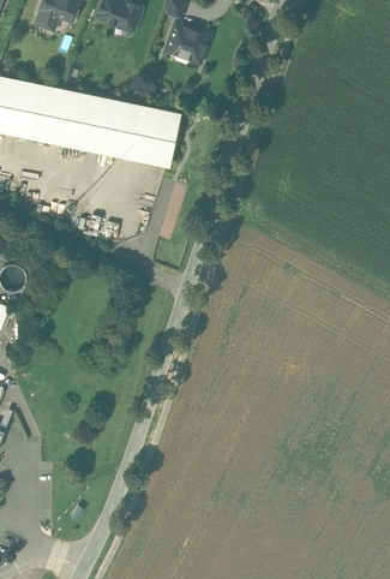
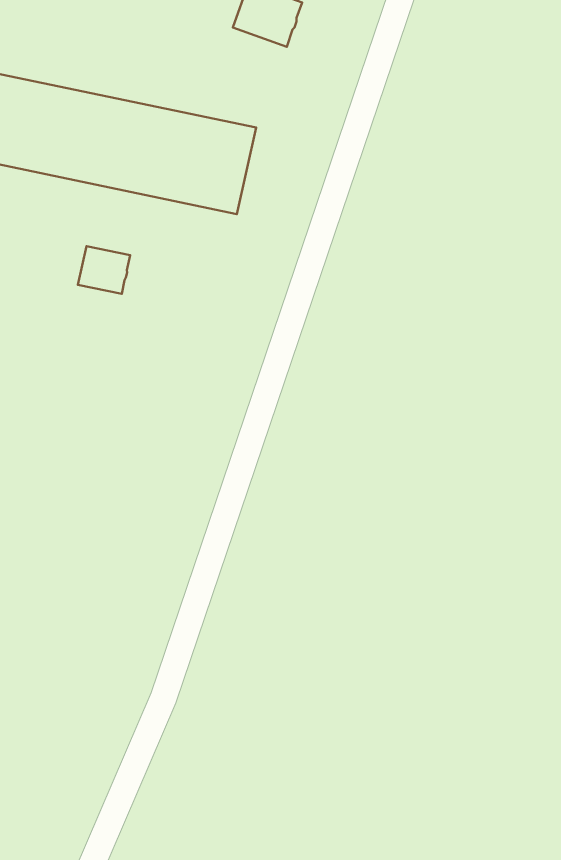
building: none -> [78,246,130,294]

